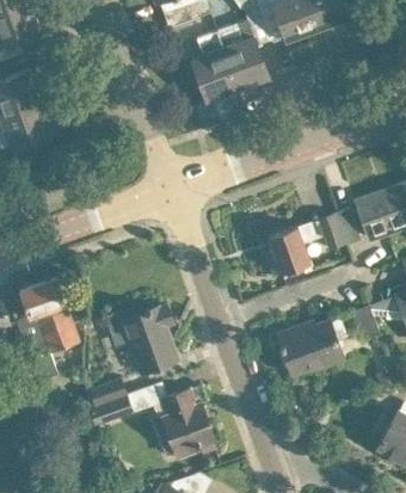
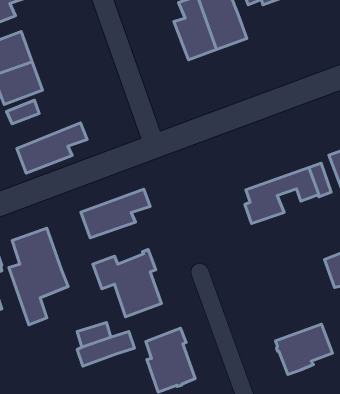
building: none -> [17,123,87,173]
building: none -> [81,189,150,238]
building: [279,321,340,375] -> [275,324,333,375]

